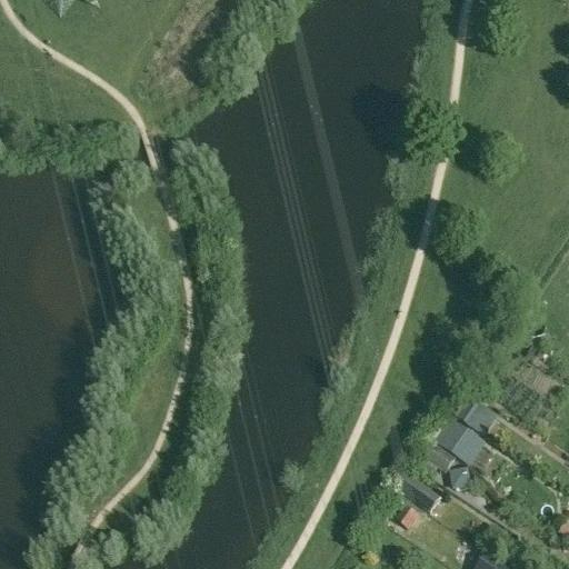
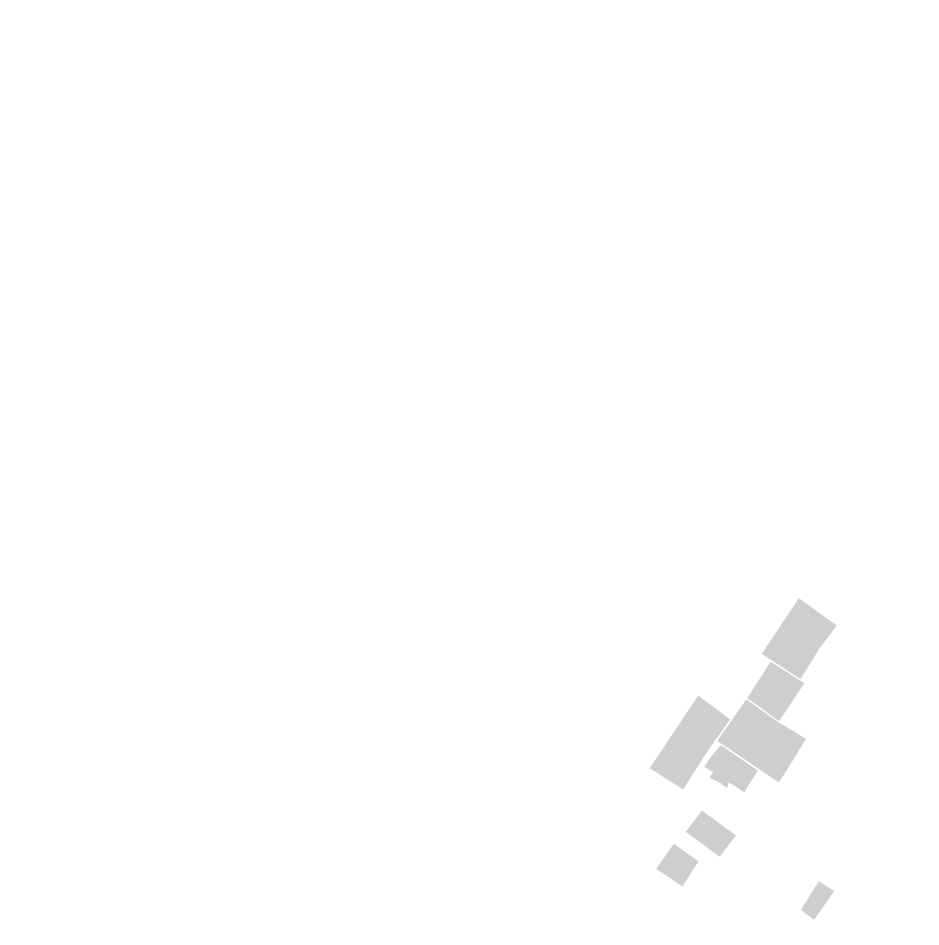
building: none -> [761,597,838,680]
building: none -> [649,694,731,791]

